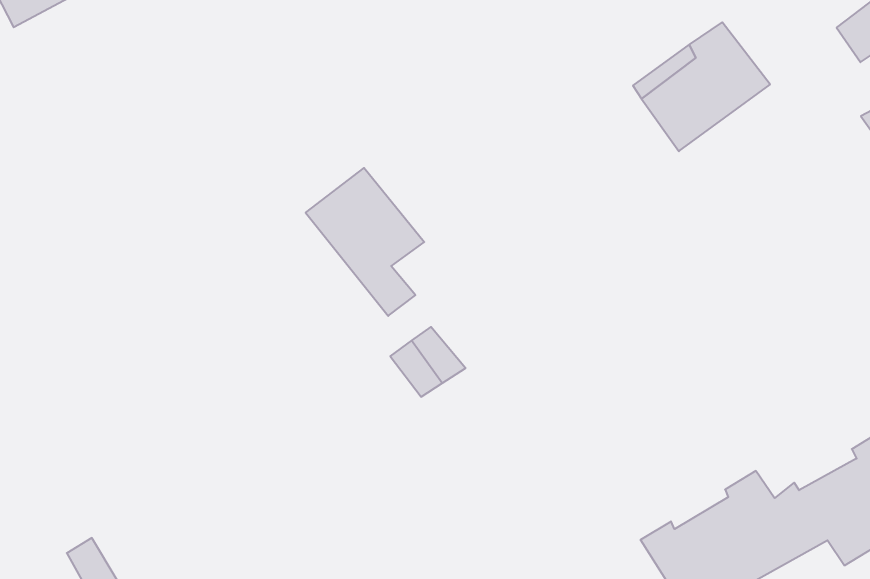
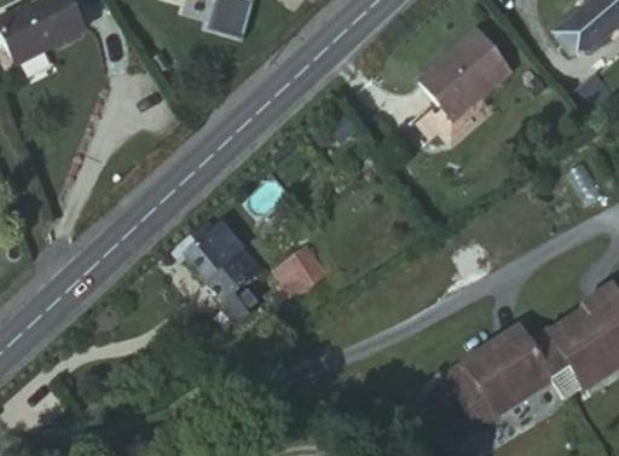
building: [306,168,424,316] -> [184,223,262,318]

